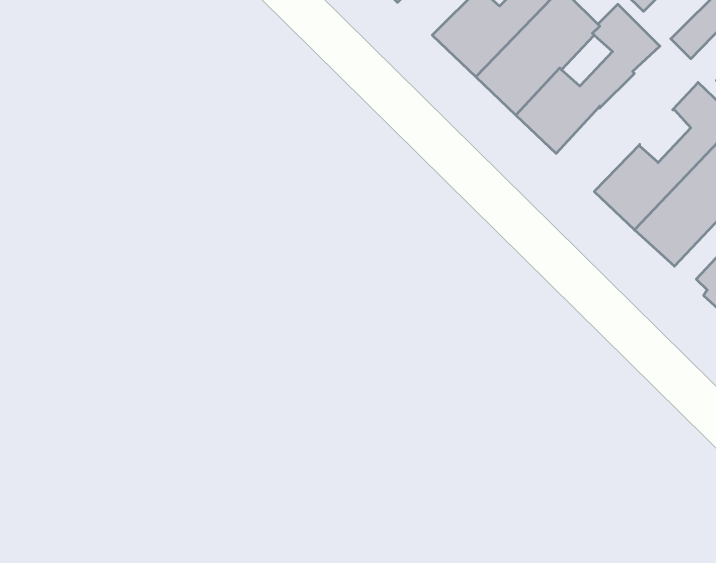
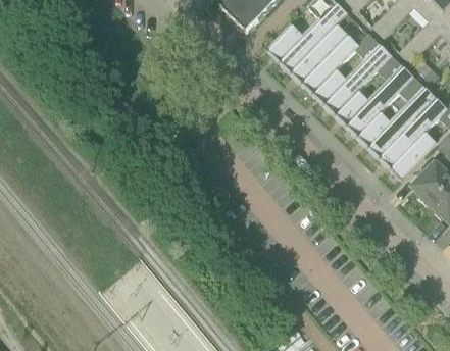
building: none -> [334,55,413,137]

